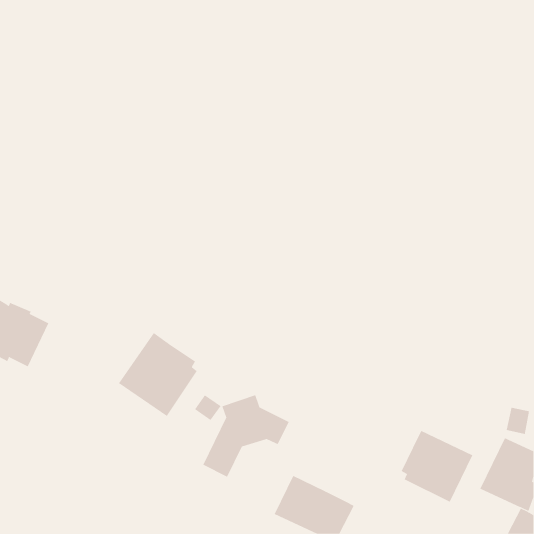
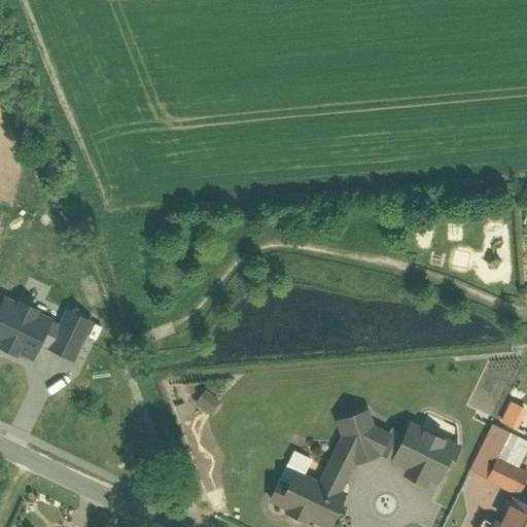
building: none -> [40,305,87,359]
building: [118,332,198,417] -> none
building: [202,394,290,477] -> [319,413,405,494]

